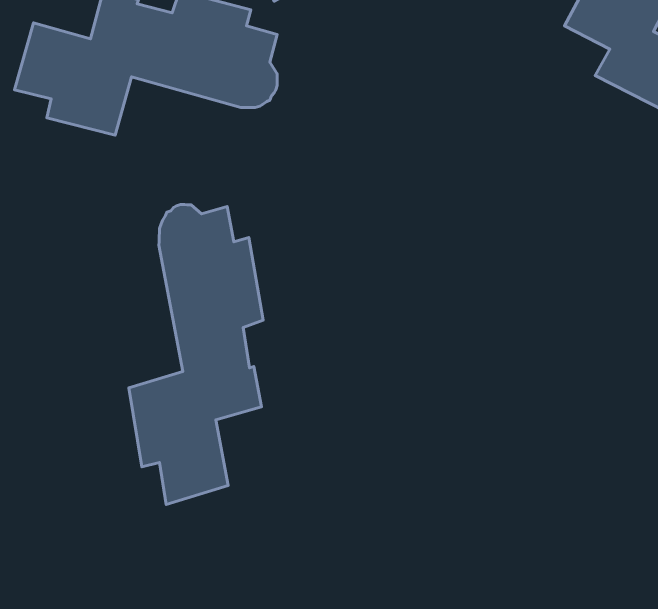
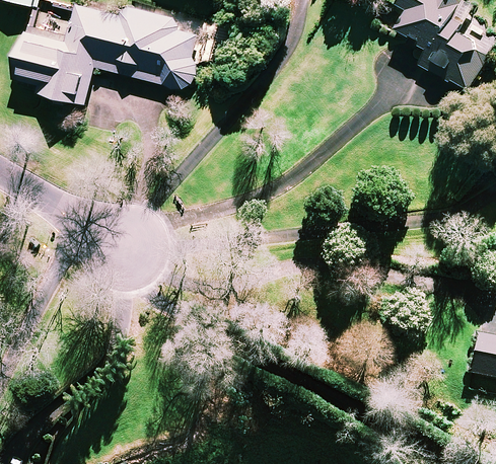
building: [129,204,263,505] -> none

